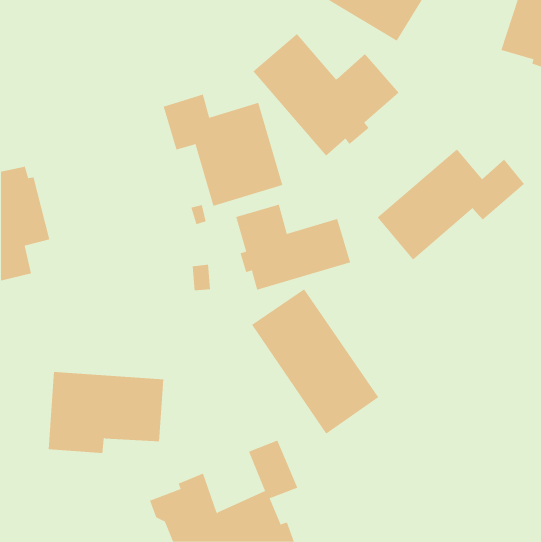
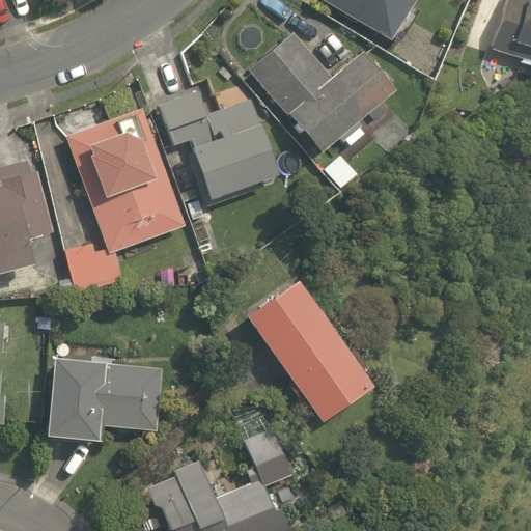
building: none -> [64,108,185,291]
building: [377,148,525,260] -> none
building: [235,204,351,291] -> none

